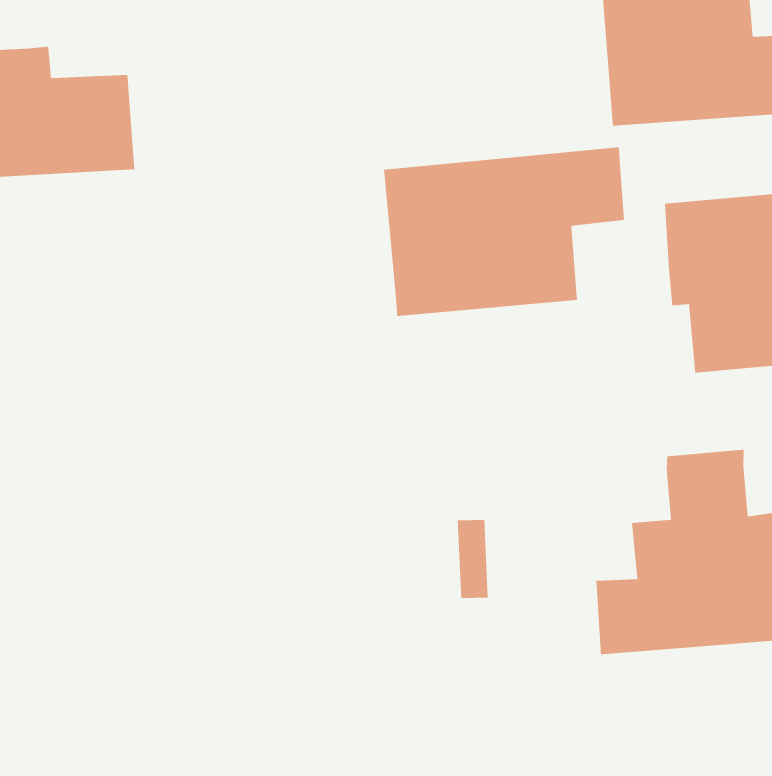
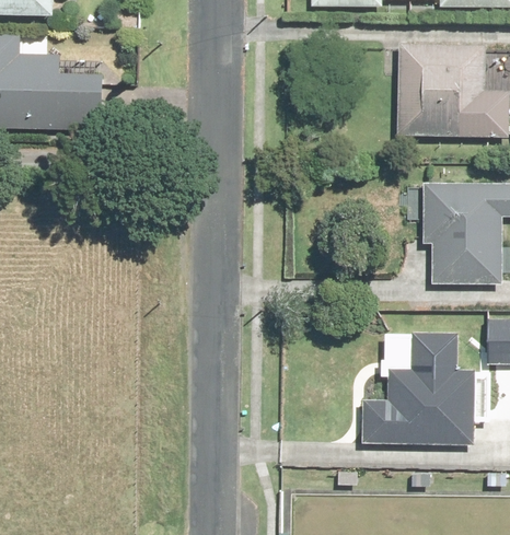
building: [384,146,625,317] -> none

